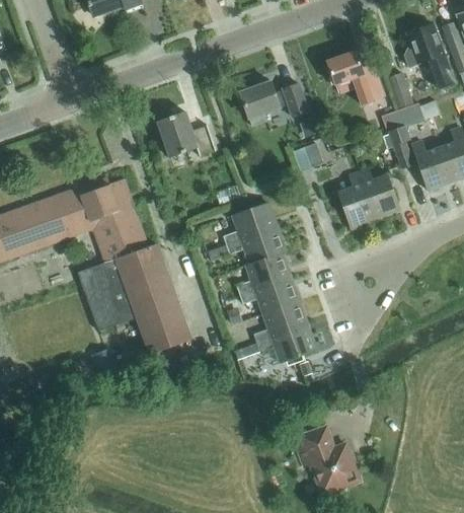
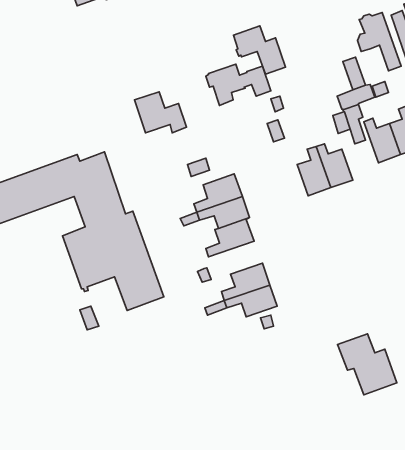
building: [326,51,384,104] -> [233,26,285,74]
building: [239,278,299,314] -> none
building: [293,426,359,494] -> [337,334,397,395]

